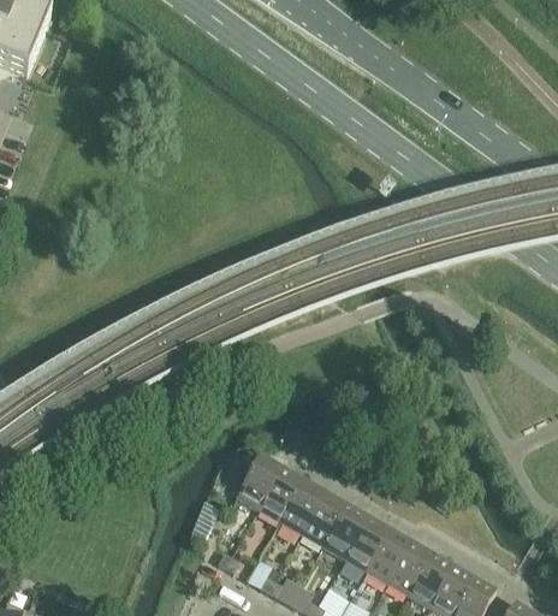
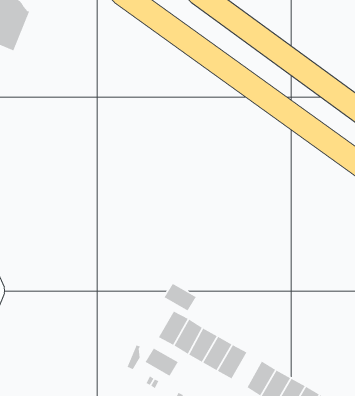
building: none -> [163,283,197,312]
building: none -> [145,347,179,377]
building: [344,516,387,568] -> none

